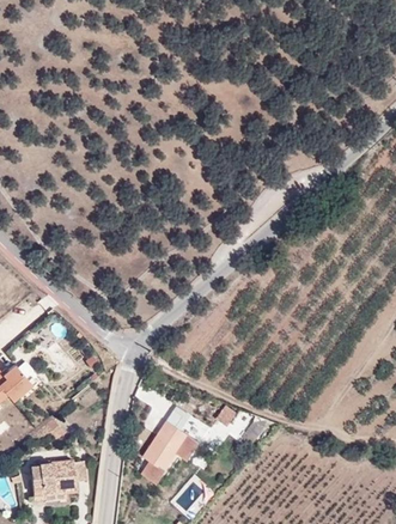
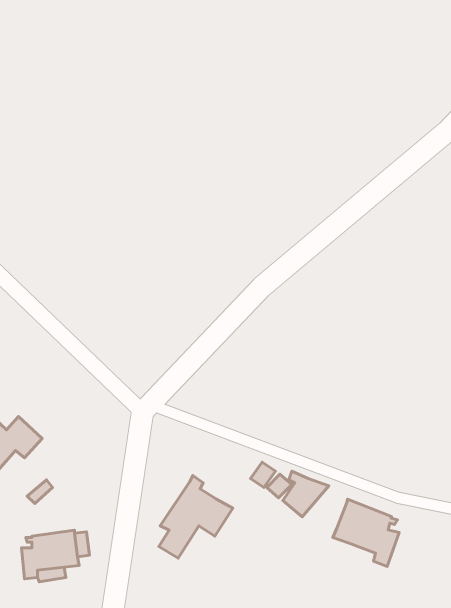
building: none -> [333,499,399,566]

